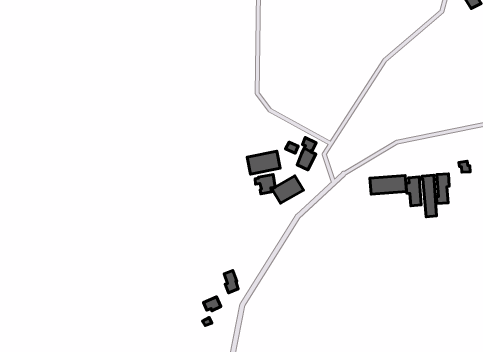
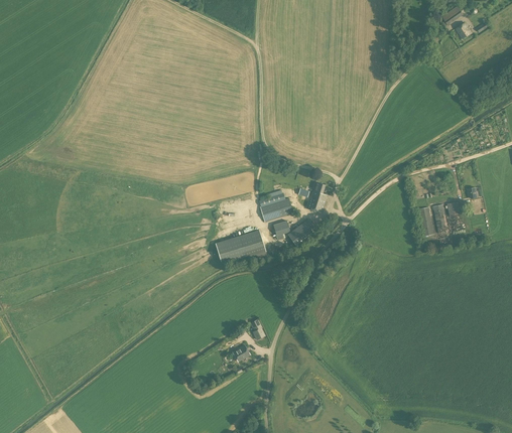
building: [370,175,407,194] -> none
building: none -> [215,230,264,264]

